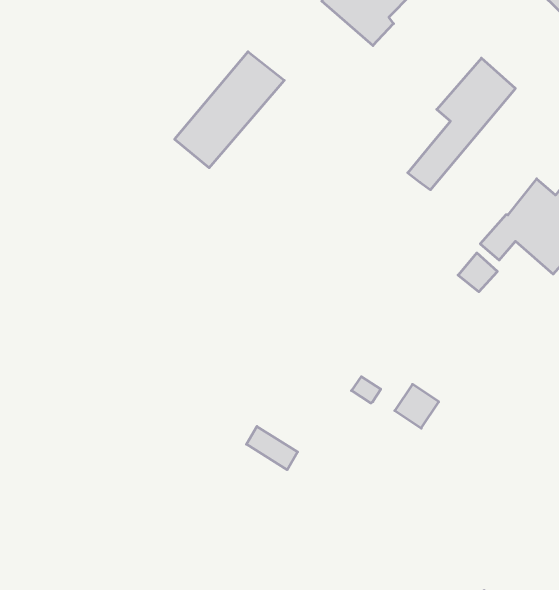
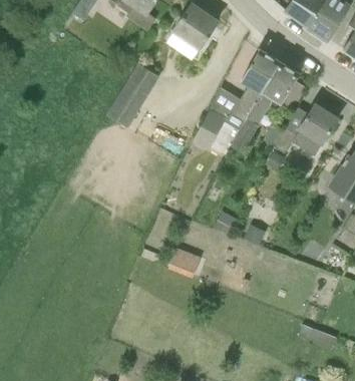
building: none -> [232,62,300,151]
building: none -> [192,108,227,151]

